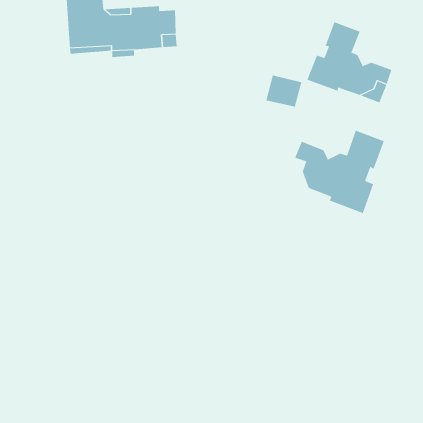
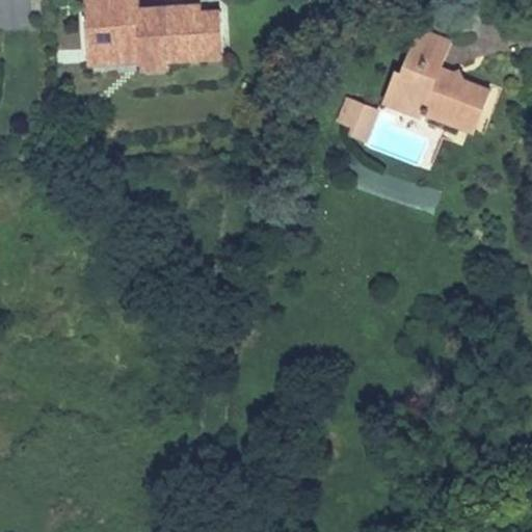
building: [294,130,385,214] -> none

